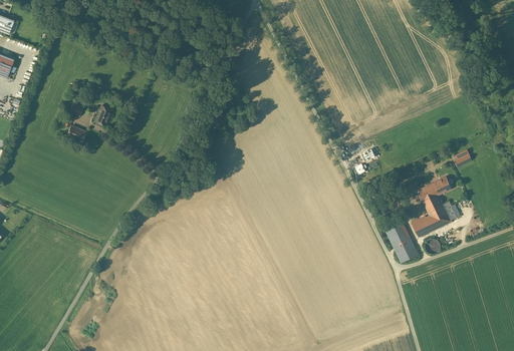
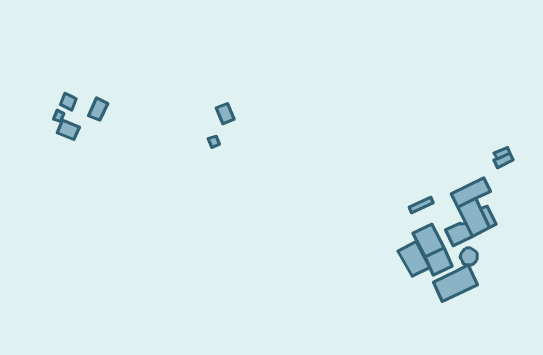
building: none -> [398,242,430,276]
building: none -> [434,265,477,302]

